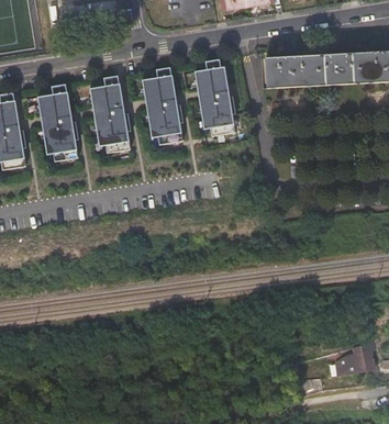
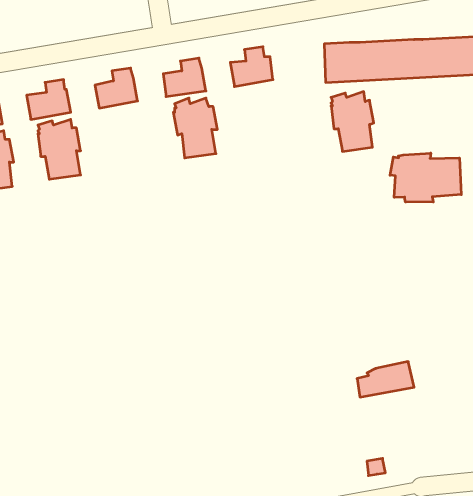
building: [201,90,234,136] -> [331,92,374,151]
building: [96,107,130,154] -> none
building: none -> [390,153,461,202]
building: [330,352,374,379] -> [357,362,414,397]

